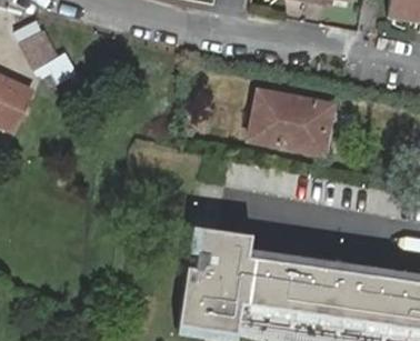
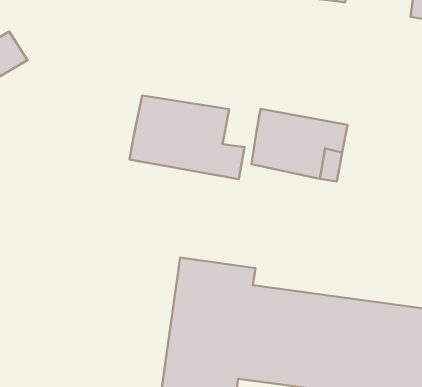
building: none -> [129,96,244,179]

